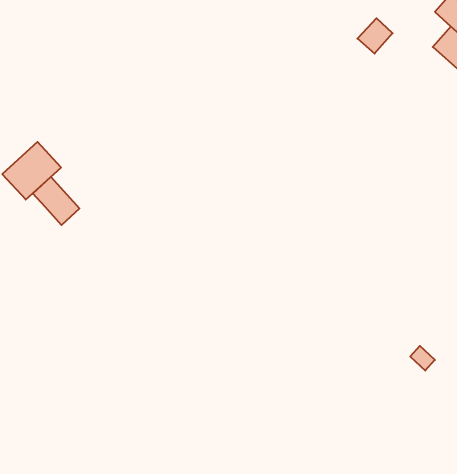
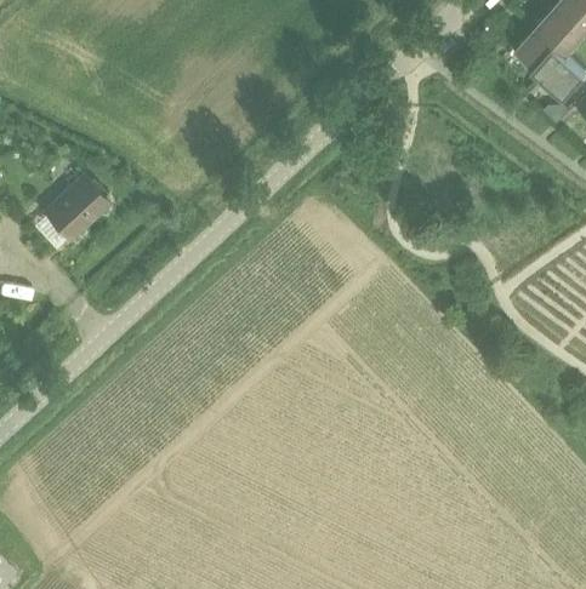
building: [357,18,393,54] -> [513,28,553,68]
building: [33,177,79,225] -> none

